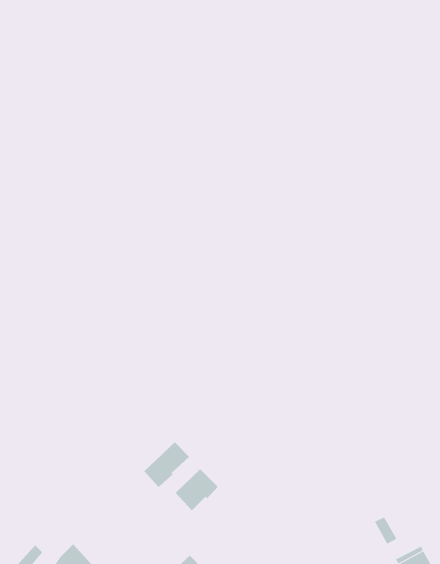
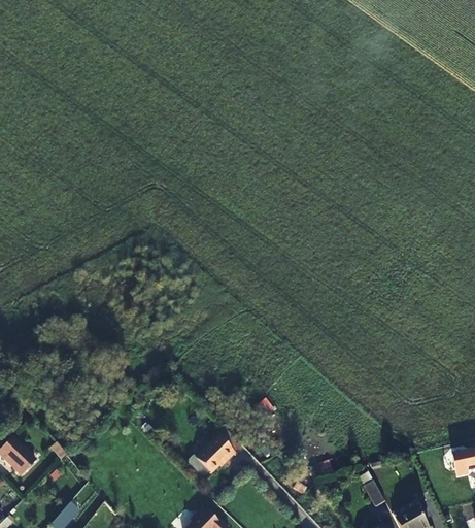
building: [144,441,190,488] -> none

